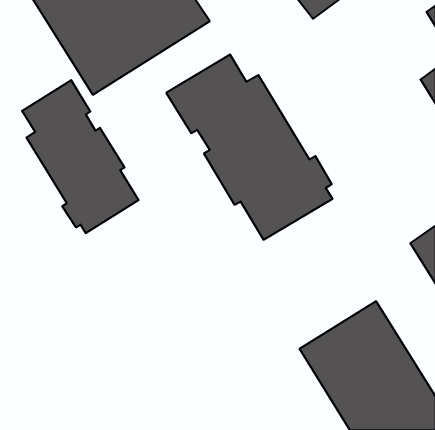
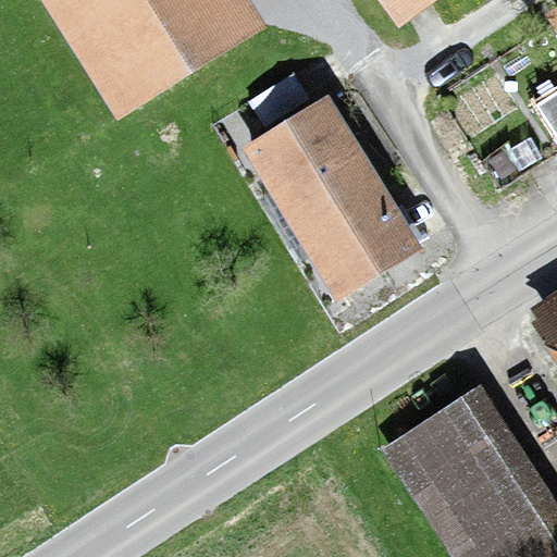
building: [22,80,139,233] -> none

